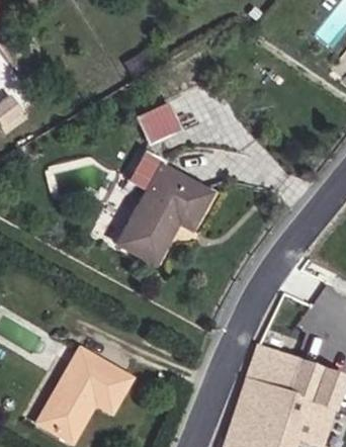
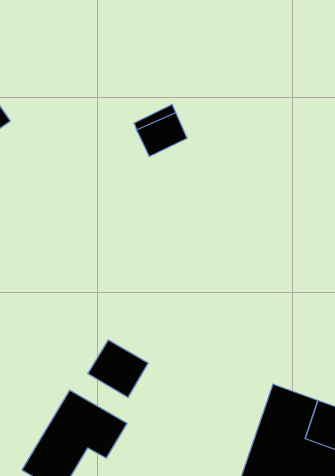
building: [117,150,210,265] -> none
building: none -> [88,340,148,398]

